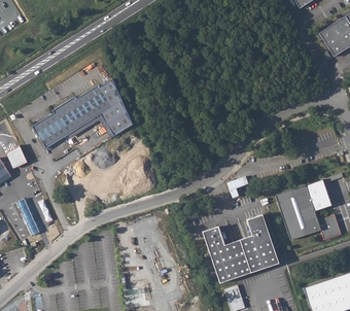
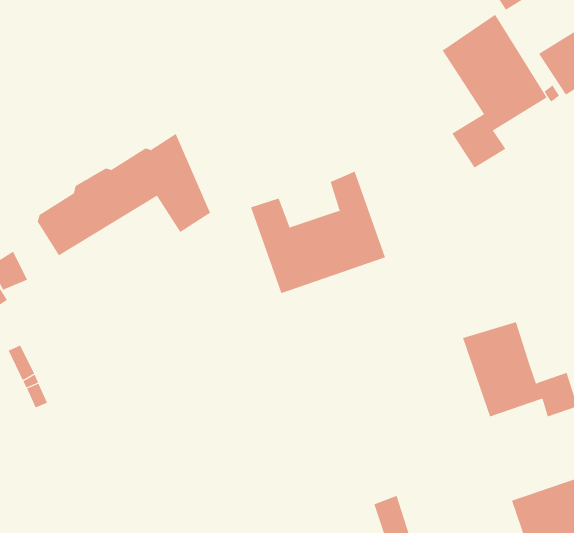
building: none -> [442,14,547,168]
building: [306,179,332,211] -> none
building: [202,213,279,283] -> [250,171,386,294]

